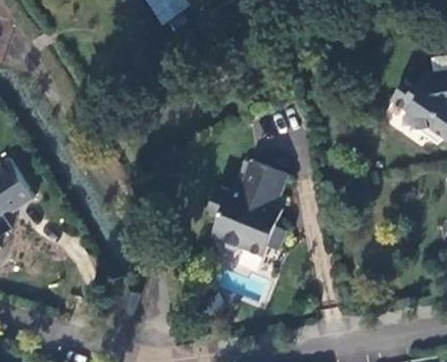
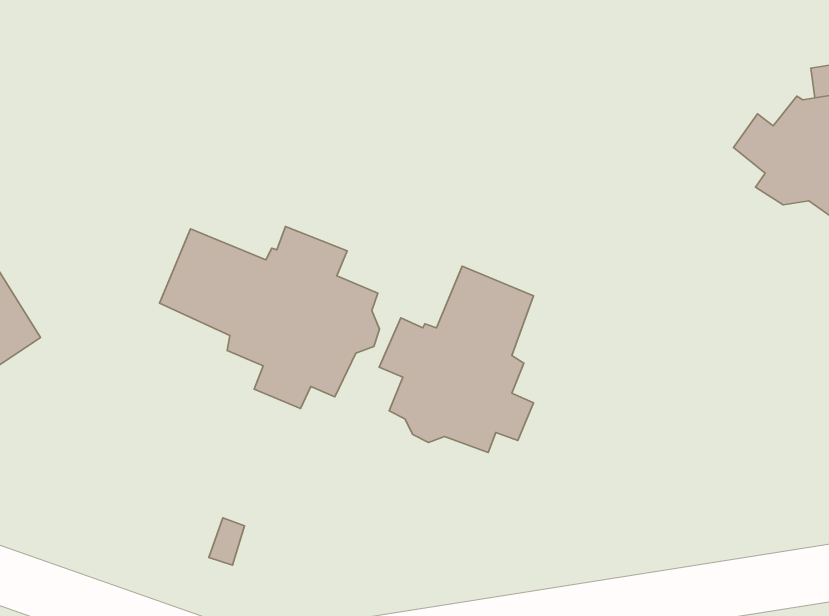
building: none -> [160,227,380,408]

